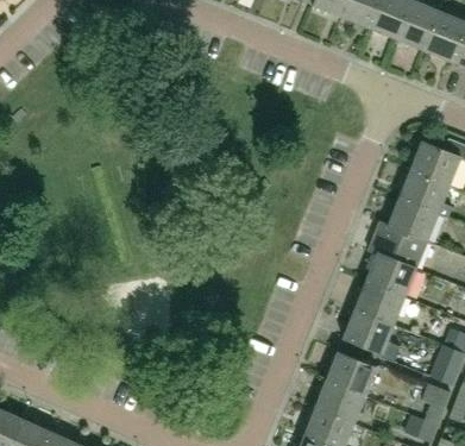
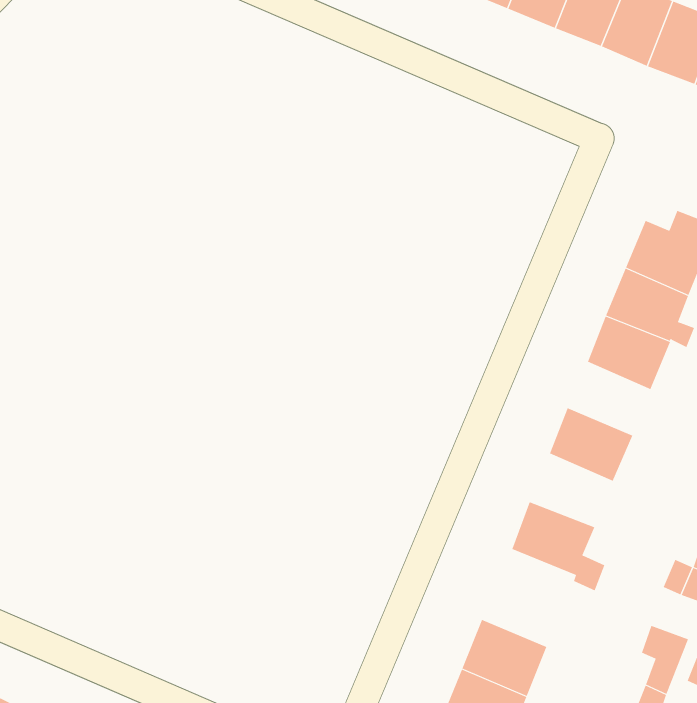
building: [377,226,427,270] -> none
building: [354,281,404,325] -> none
building: [326,352,377,396] -> none

